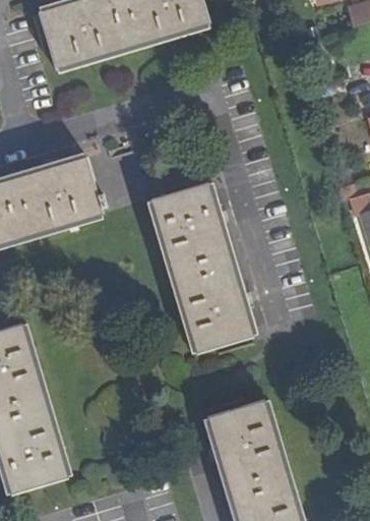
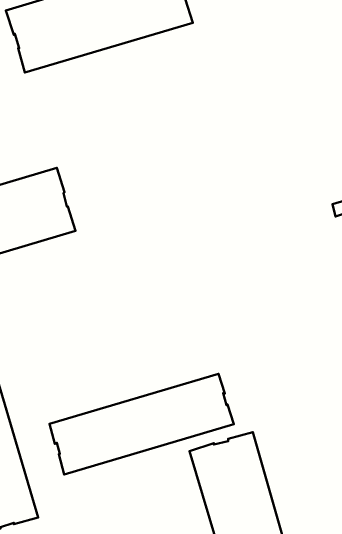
building: [150,183,253,354] -> none
building: none -> [50,374,234,474]

